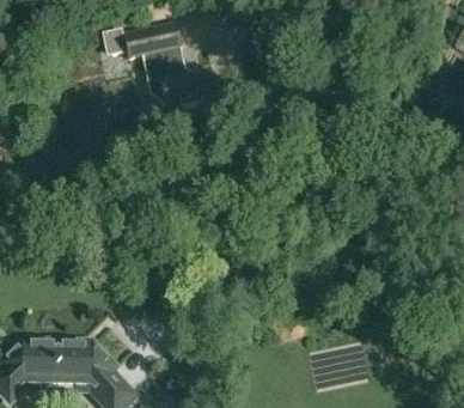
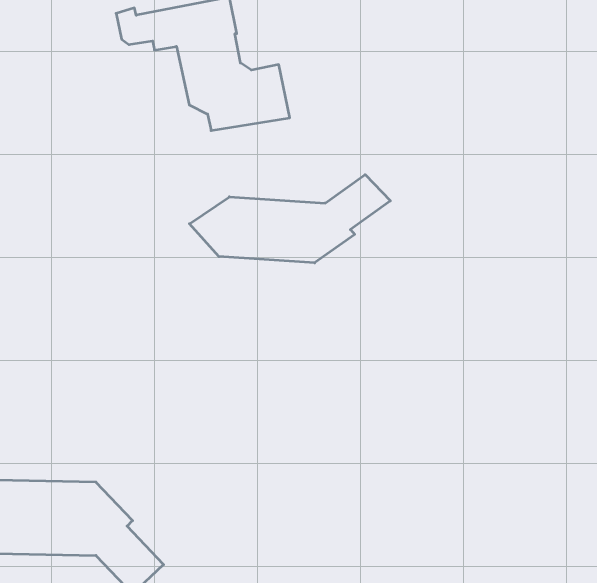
building: none -> [189,175,390,263]

